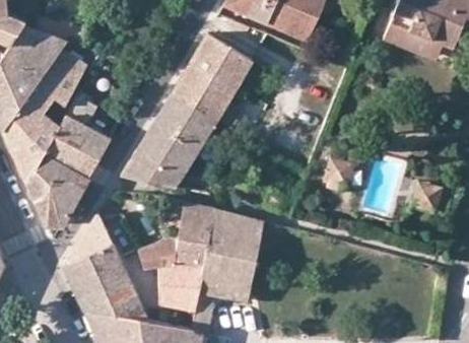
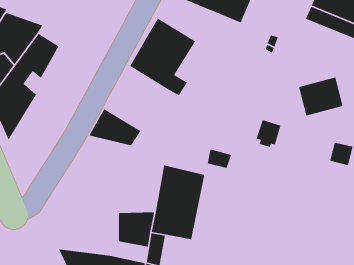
building: [140,92,215,170] -> none
building: [24,96,111,227] -> none
building: [138,201,212,270] -> none
building: [63,215,148,321] -> none

